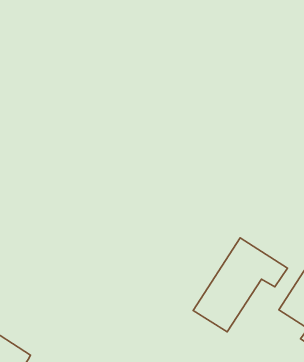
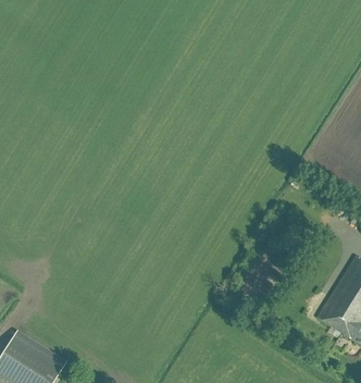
building: [193,238,288,332] -> none

